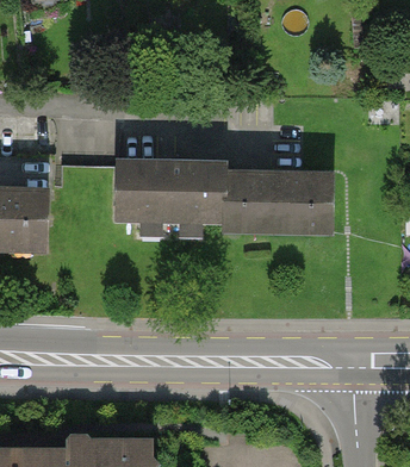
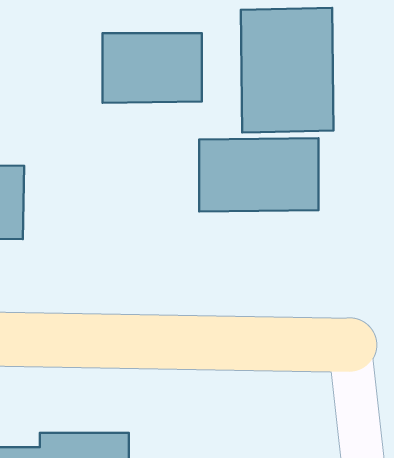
building: none -> [241,8,334,132]
building: [124,160,215,223] -> [102,33,202,103]

